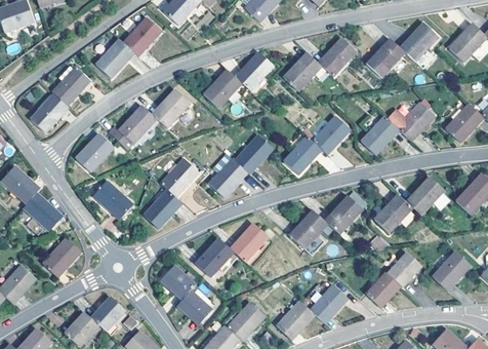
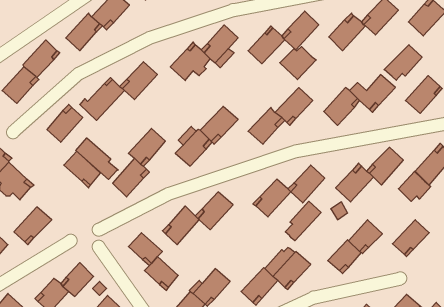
building: none -> [384,45,422,80]
building: none -> [280,47,316,80]
building: none -> [76,138,118,179]
building: none -> [398,171,431,201]
building: none -> [285,201,321,241]

